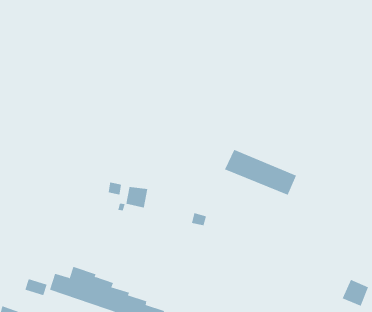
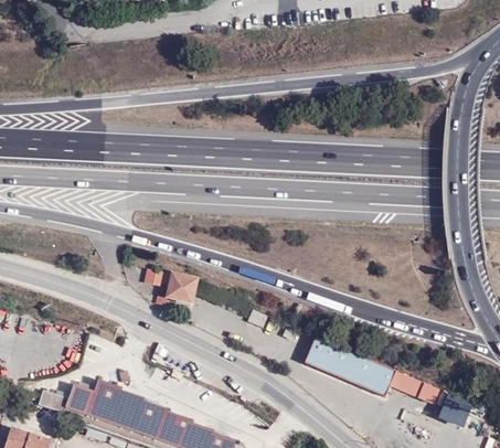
building: [224,149,297,196] -> [304,338,395,396]
building: none -> [393,372,440,404]

